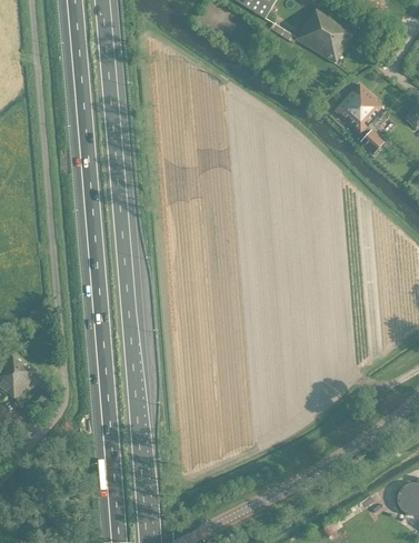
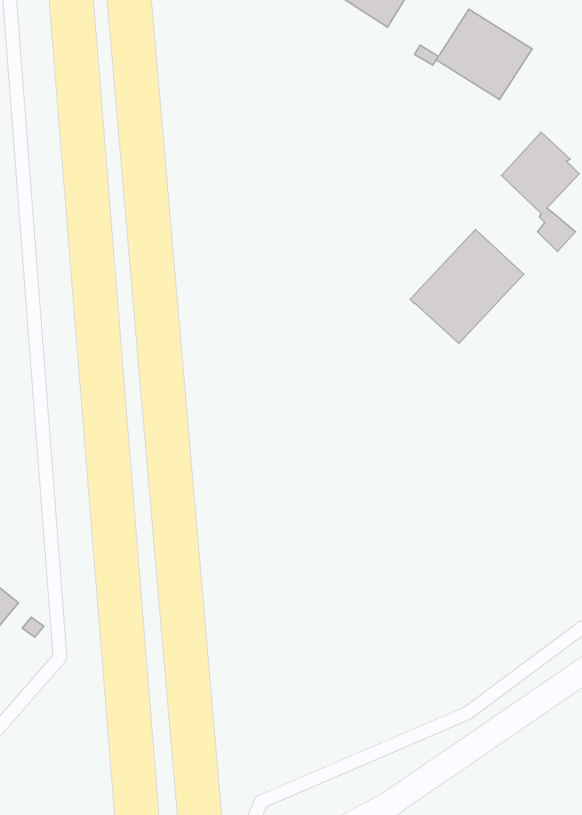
building: none -> [410,230,524,343]

